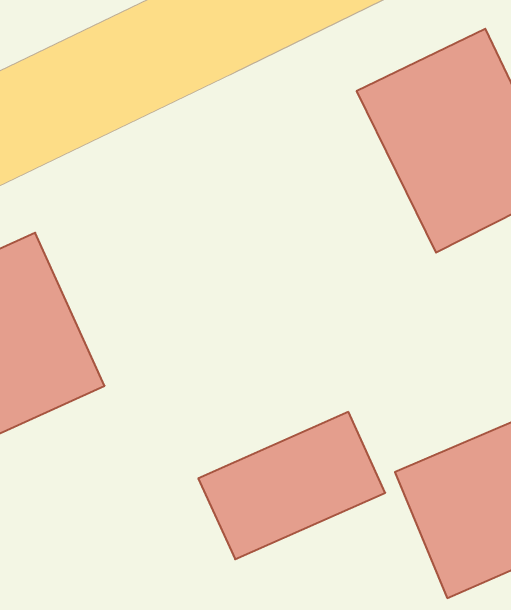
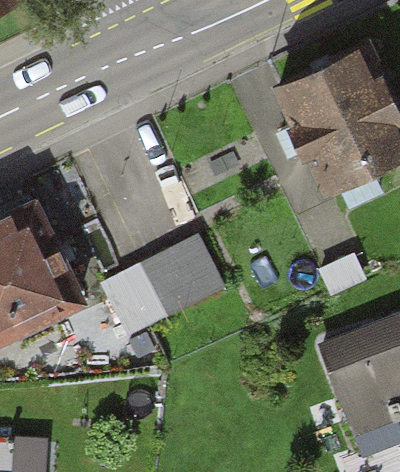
building: [198,412,385,559] -> [92,238,224,342]

